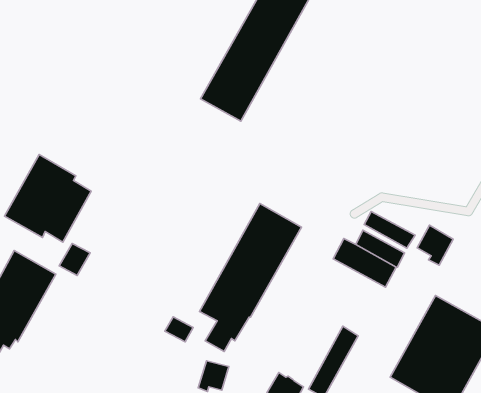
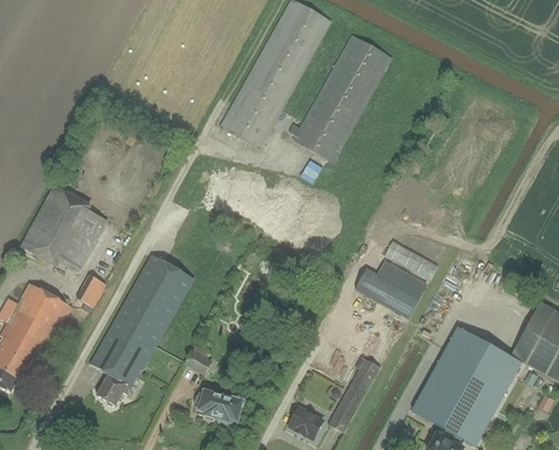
building: none -> [289,34,392,162]
building: [199,204,301,352] -> [90,254,194,405]
building: [417,225,453,265] -> none
building: none -> [194,387,225,421]

